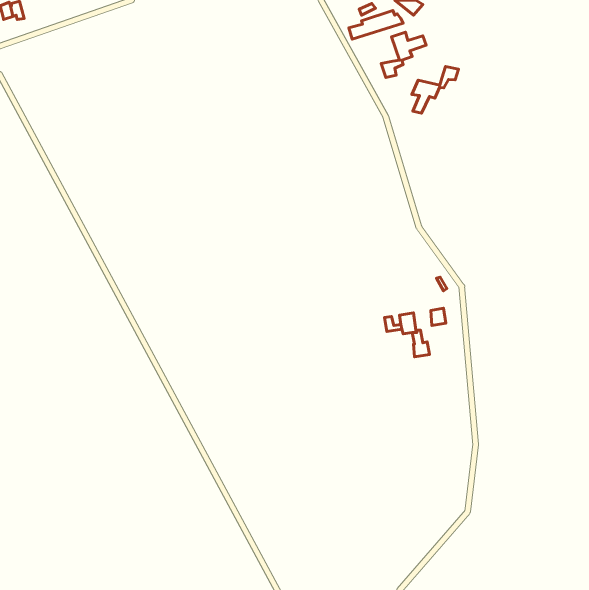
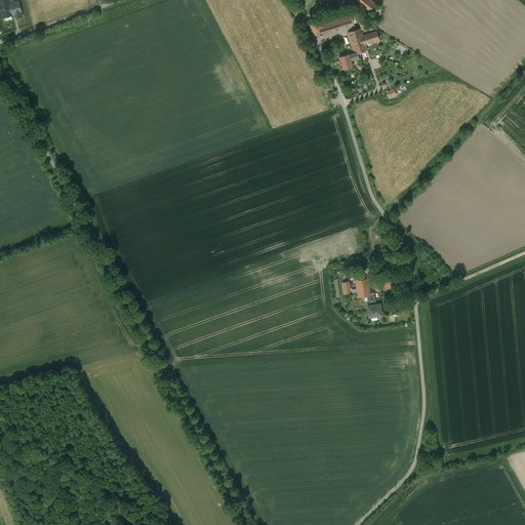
building: [412,66,459,113] -> none

